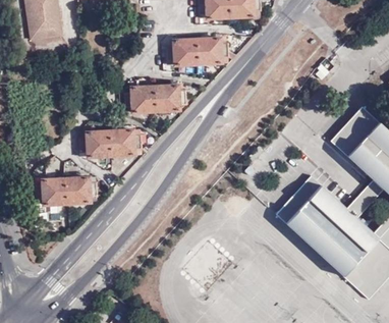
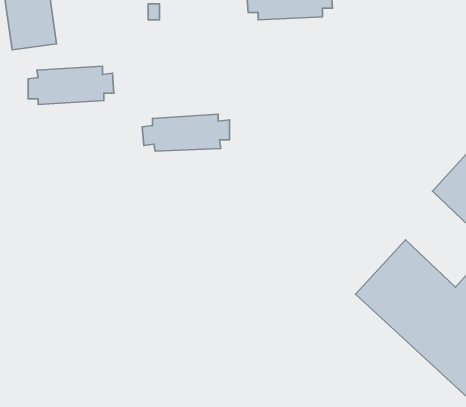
building: [166,39,228,65] -> none
building: [80,129,142,157] -> [28,66,114,105]
building: [37,178,98,205] -> none

